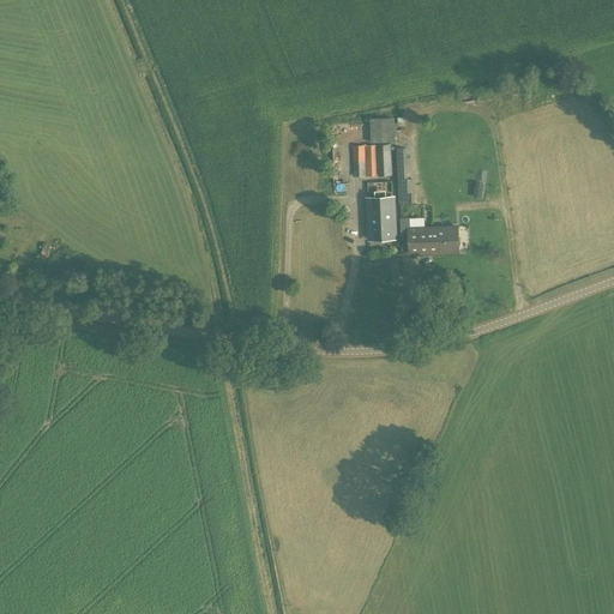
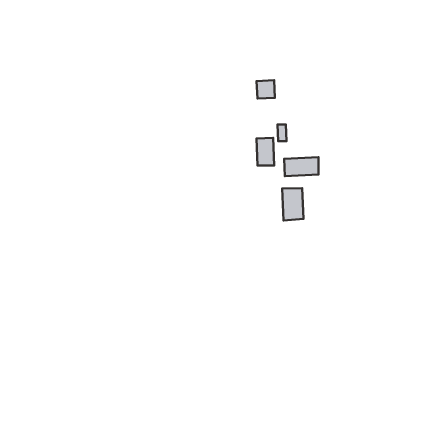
building: [351,140,392,175] -> none
building: none -> [282,188,304,220]

